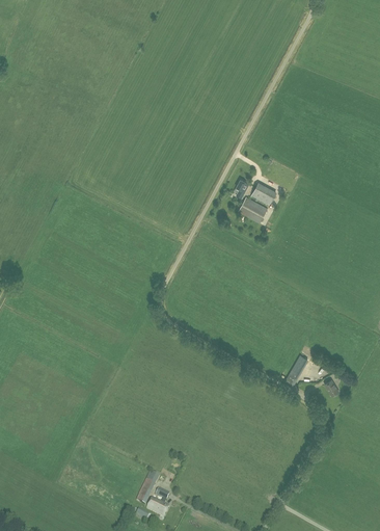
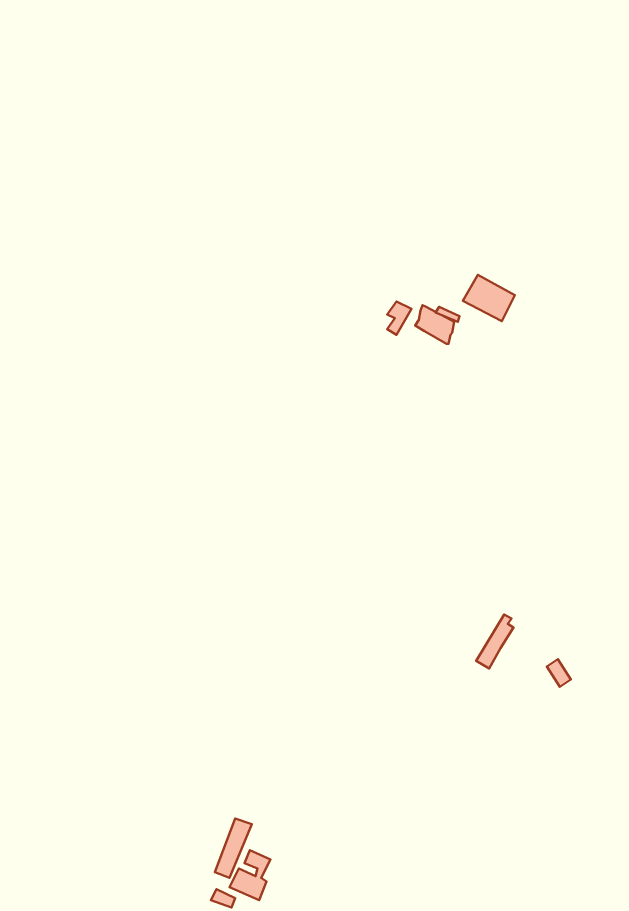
building: [238,197,267,223] -> [463,275,515,321]

